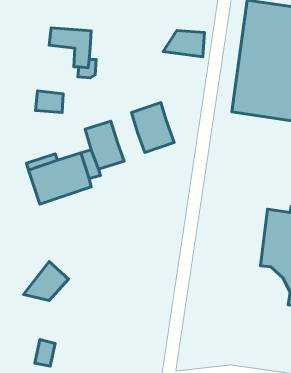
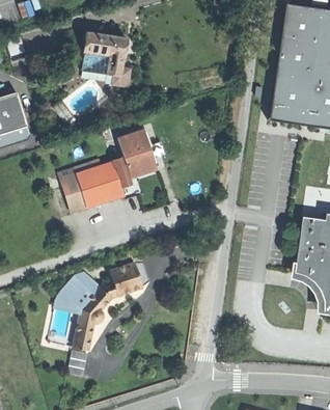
building: [163,31,205,57] -> none
building: [36,91,63,112] -> [80,51,108,73]
building: [132,103,174,153] -> none
building: none -> [75,264,143,350]

